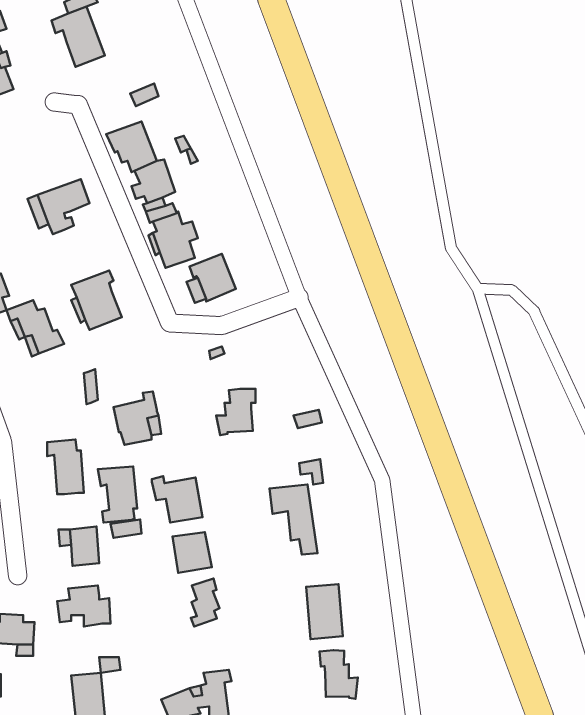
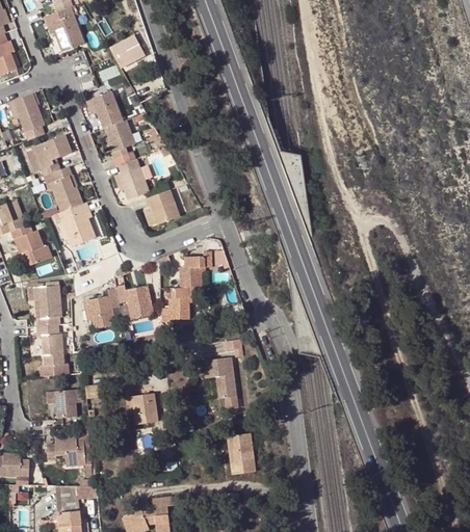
building: none -> [112,32,149,66]
building: none -> [11,91,43,138]
building: none -> [48,164,81,210]
building: none -> [180,252,212,288]
building: [98,466,137,523] -> [34,286,63,327]
building: [152,476,203,523] -> [116,286,154,320]
building: [191,578,220,626] -> none
building: [320,650,358,699] -> none

